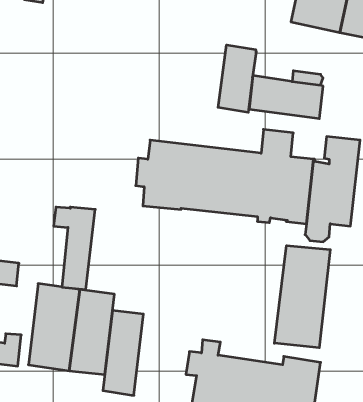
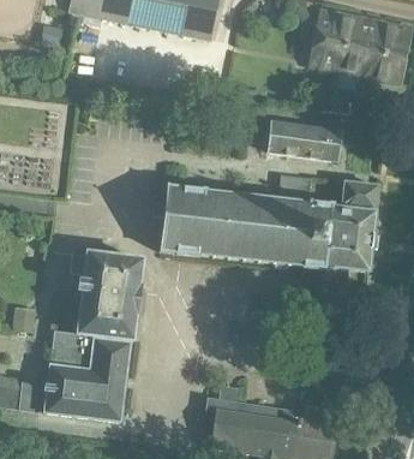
building: [218,45,256,112] -> none
building: [274,246,330,348] -> none
building: [103,310,143,395] -> [102,254,143,339]

